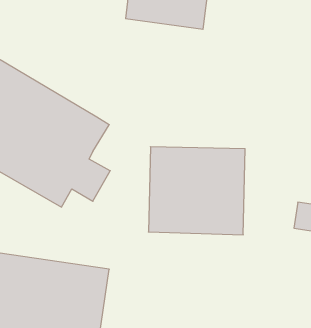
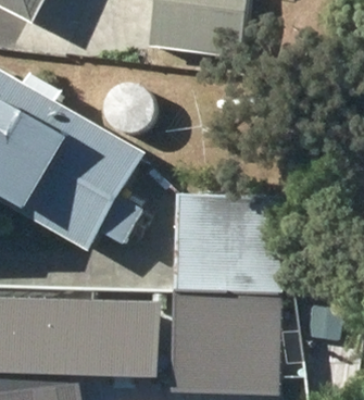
building: none -> [174,285,285,385]

